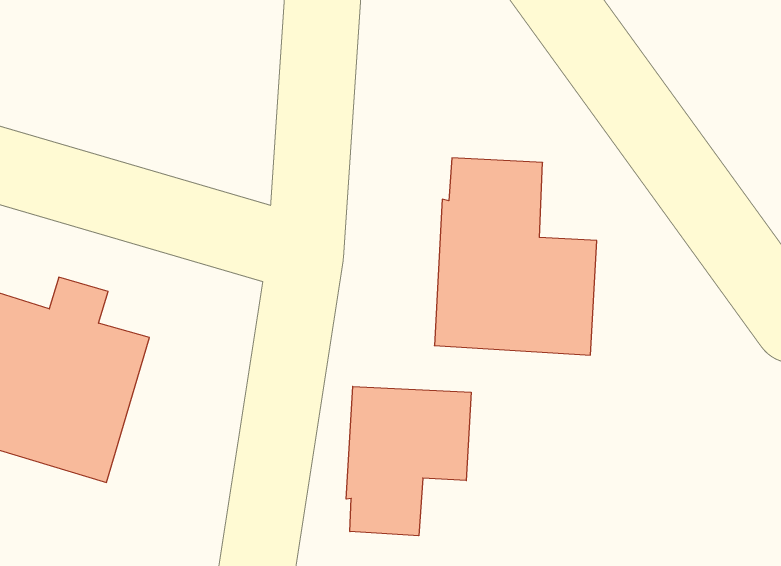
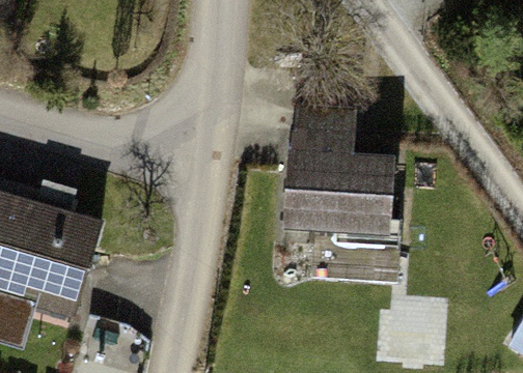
building: [346,386,471,536] -> none

